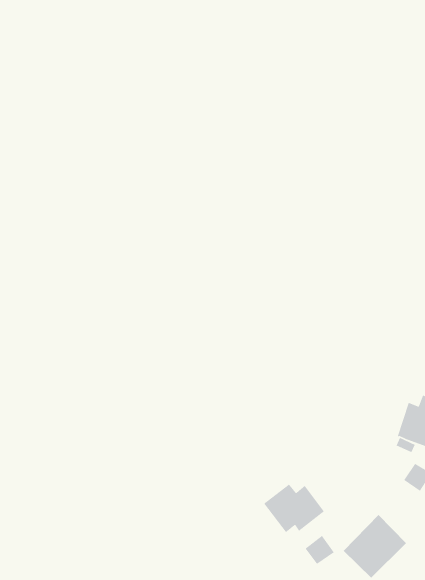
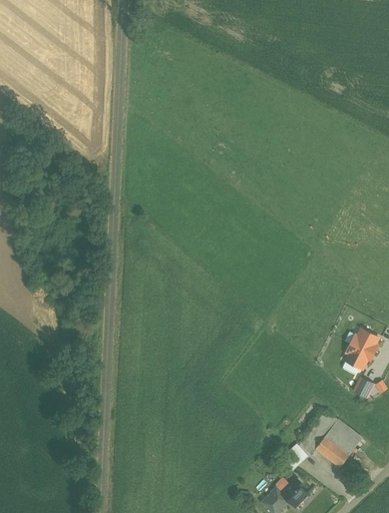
building: [263,483,325,533] -> none

